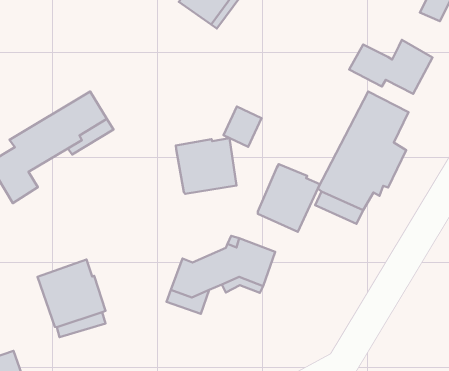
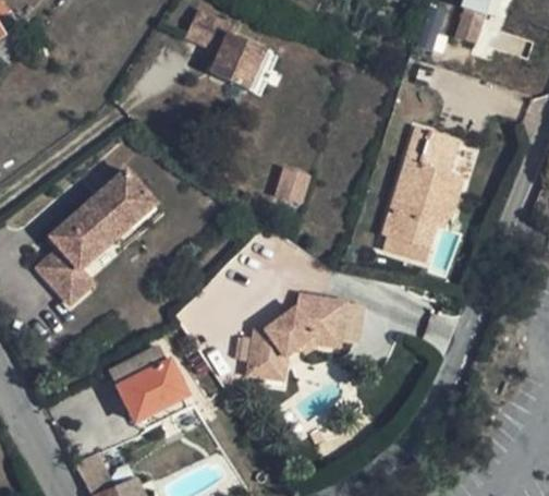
building: [349,40,433,94] -> none
building: [176,138,237,194] -> none
building: [258,164,320,232] -> none

